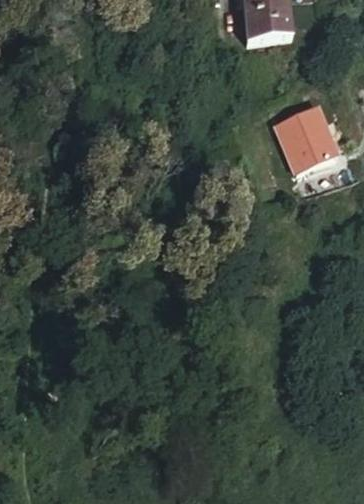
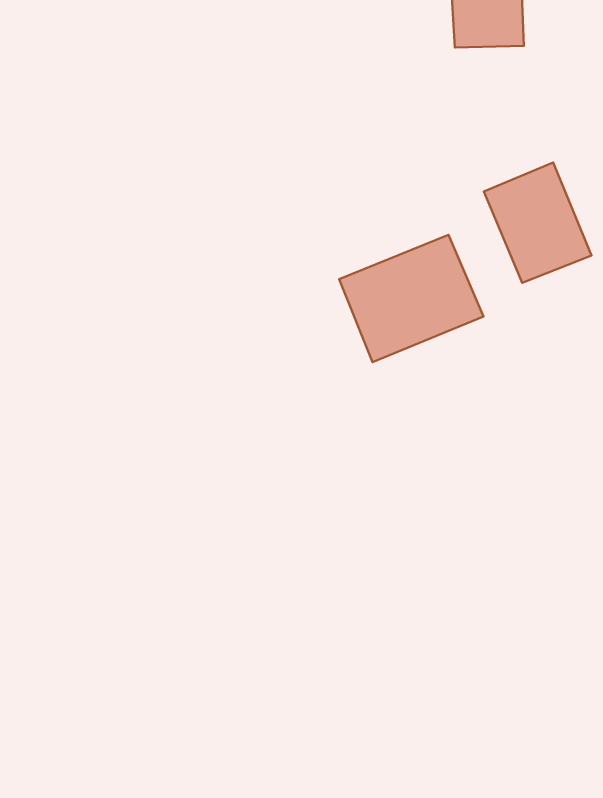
building: none -> [339,235,484,362]

